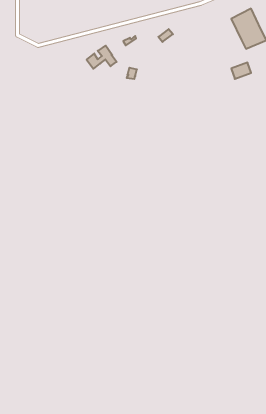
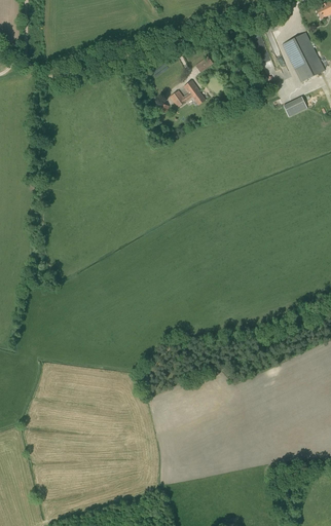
building: [87,46,117,69] -> [169,80,205,108]

